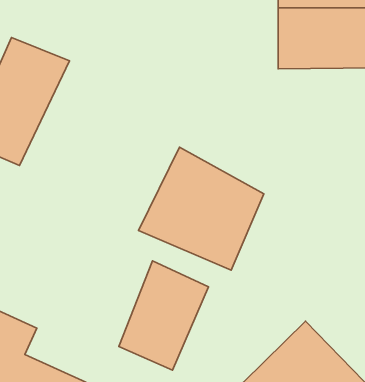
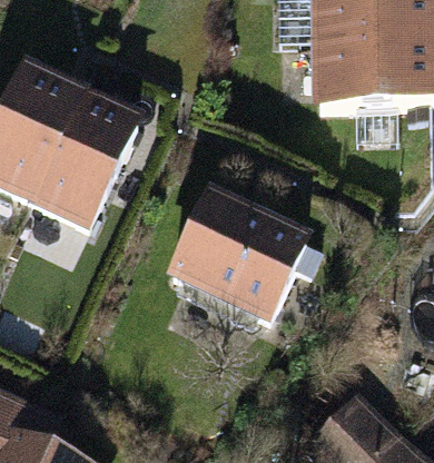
building: none -> [39,93,144,236]
building: [119,261,208,370] -> none

